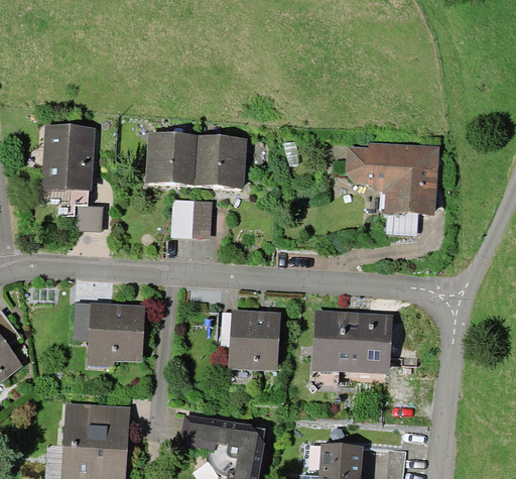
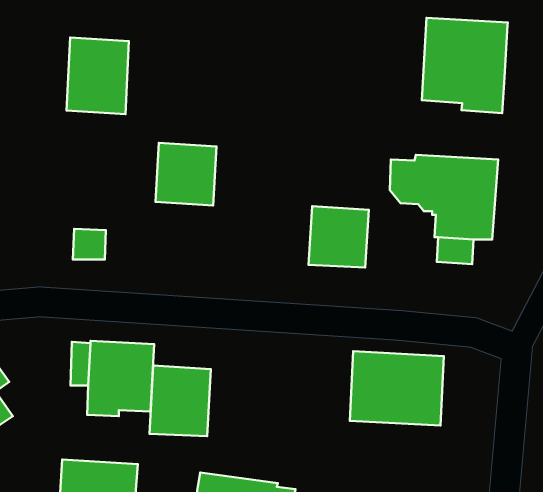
building: none -> [422,18,508,113]
building: [41,126,95,192] -> [67,38,129,114]
building: [195,135,246,188] -> [309,206,369,267]
building: [170,200,211,239] -> none
building: [228,310,280,370] -> [150,366,211,436]

